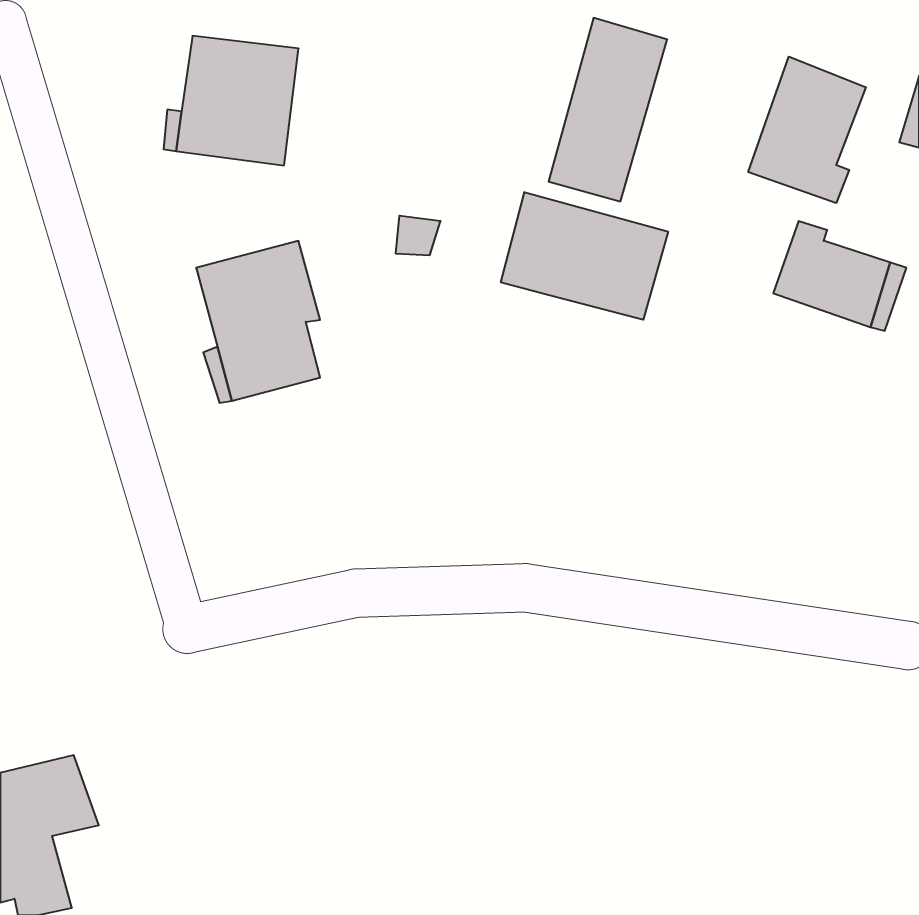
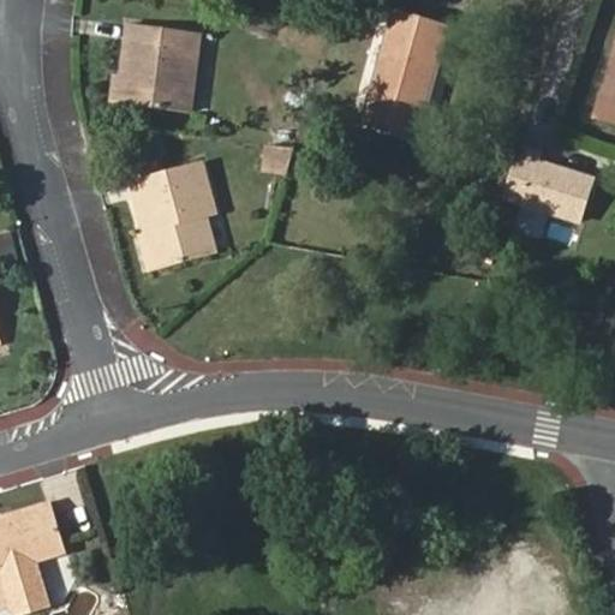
building: [748,57,866,203] -> none
building: [501,192,668,320] -> none

